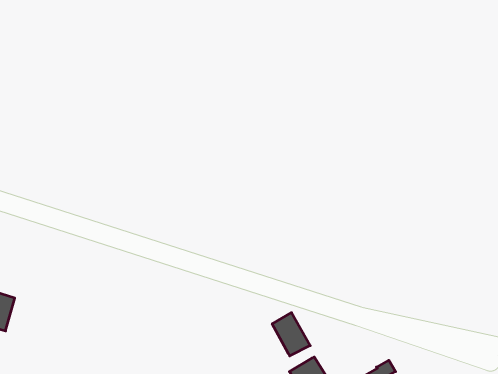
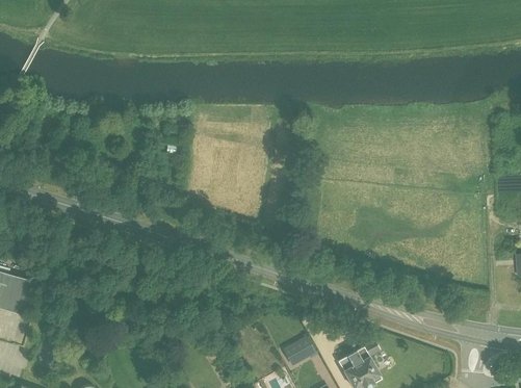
building: [272,313,310,356] -> none

